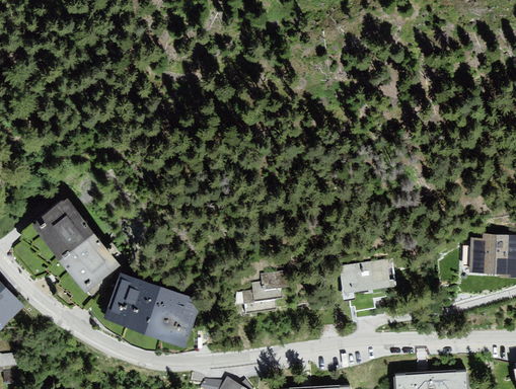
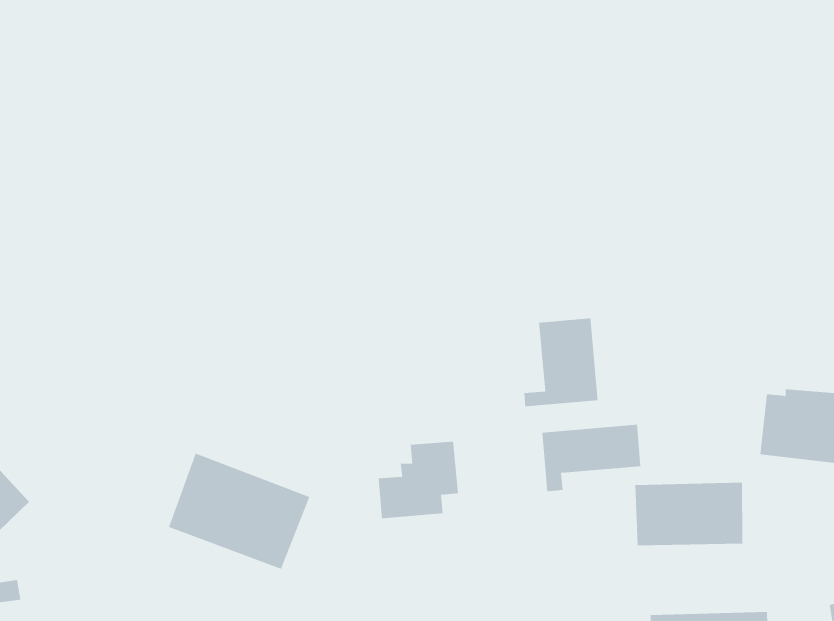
building: none -> [524,317,598,407]
building: [39,200,129,296] -> none
building: none -> [635,482,743,546]

